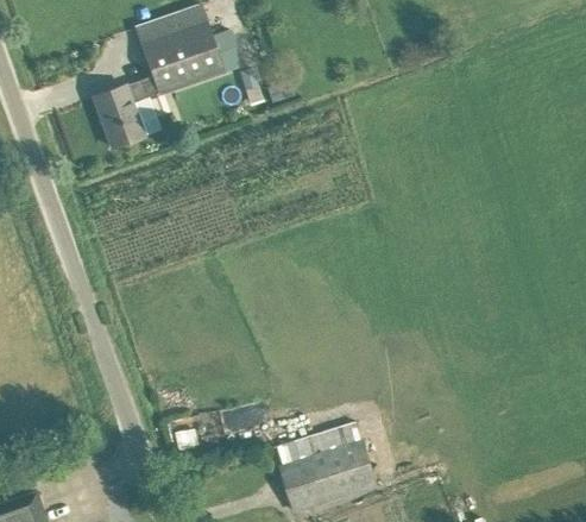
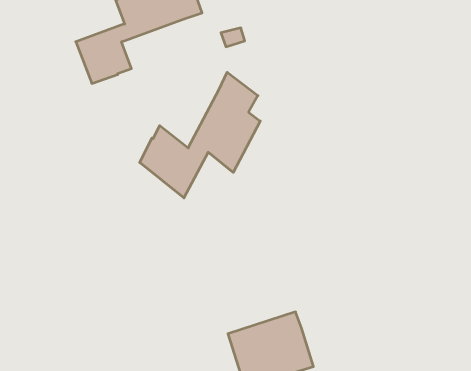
building: none -> [140,72,260,198]

